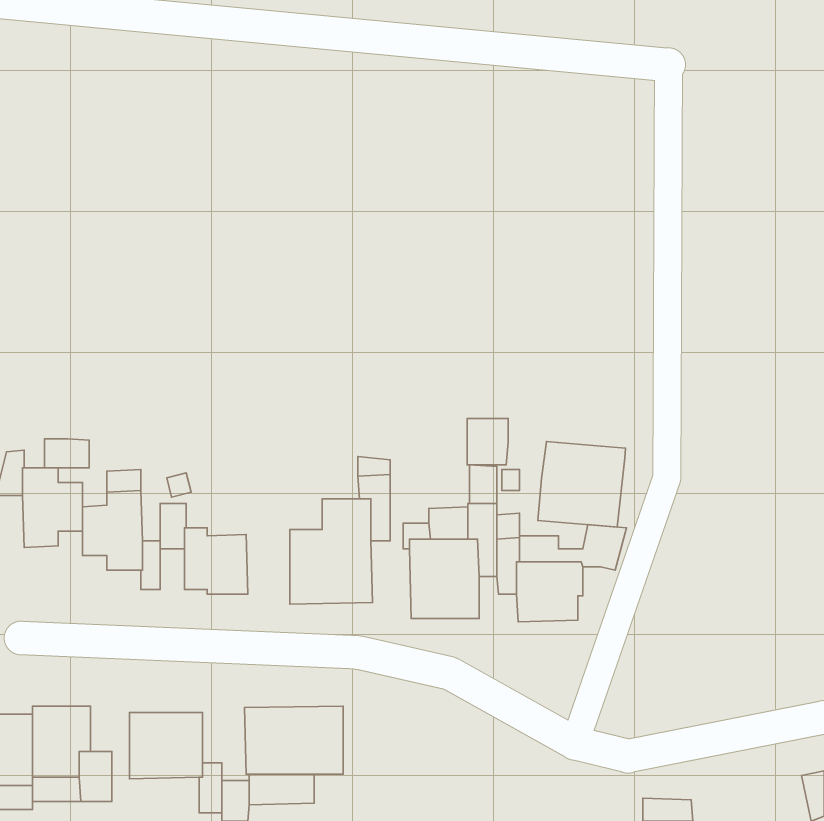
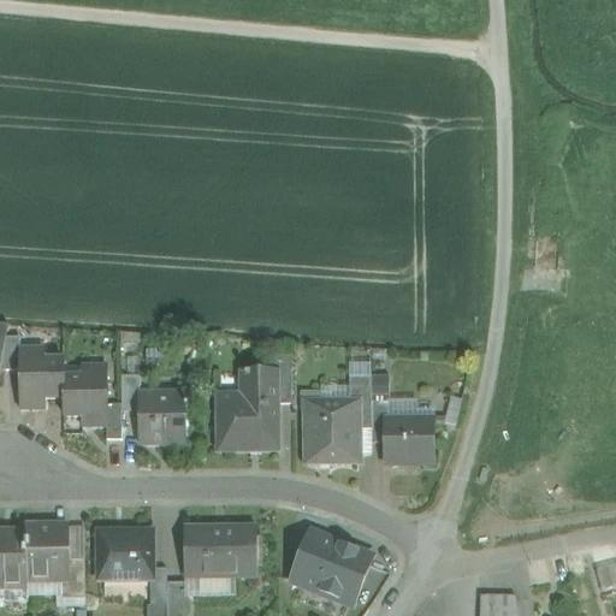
building: [467,418,508,465] -> none
building: [44,439,89,468] -> none
building: [538,441,625,527] -> none
building: none -> [290,533,371,602]

